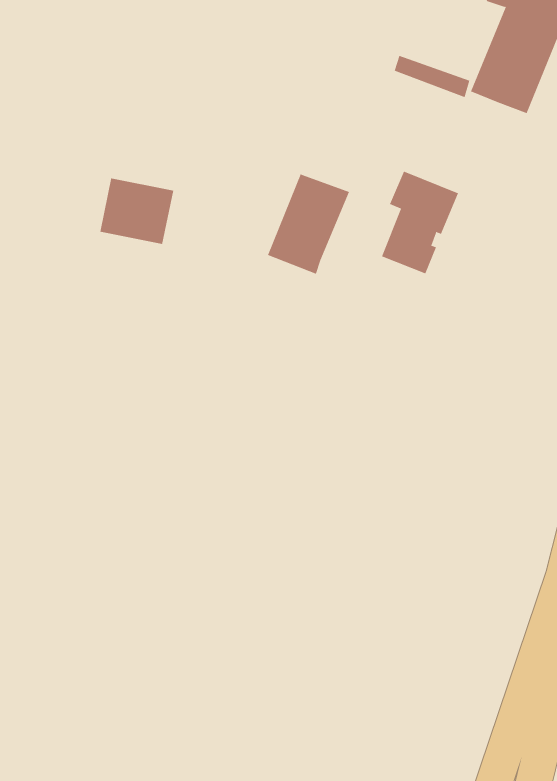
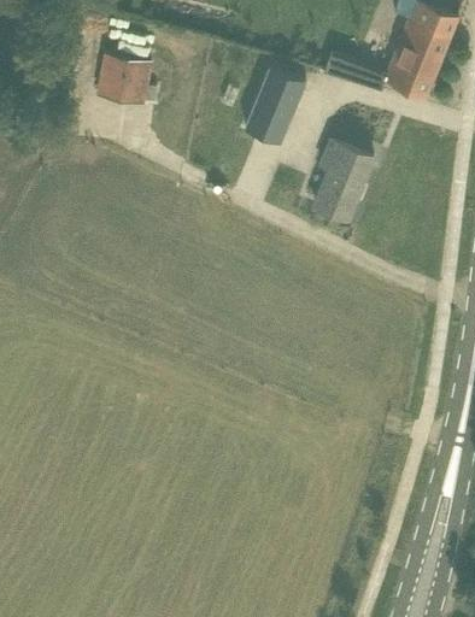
building: [267,173,350,274] -> [245,66,307,143]
building: [99,178,174,245] -> [96,53,153,104]

